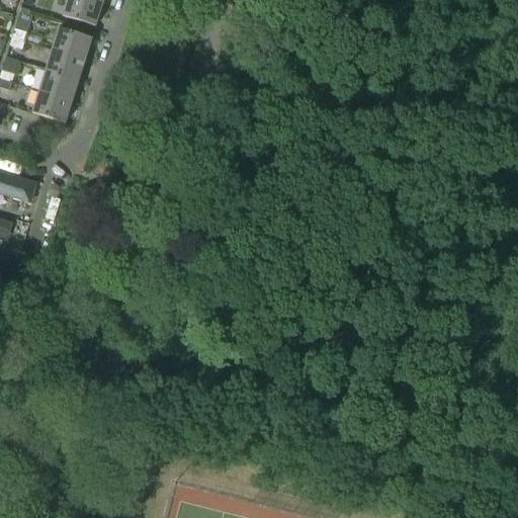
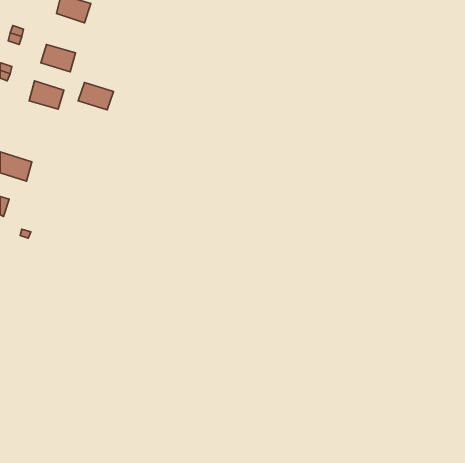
building: [52,27,90,59] -> none
building: [38,70,78,100] -> [78,83,114,110]

